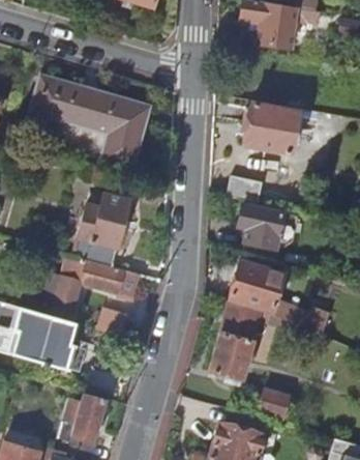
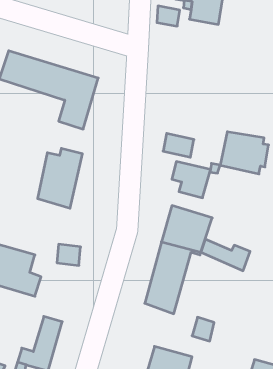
building: [243,105,300,154] -> [220,132,269,174]
building: [40,250,142,312] -> none

